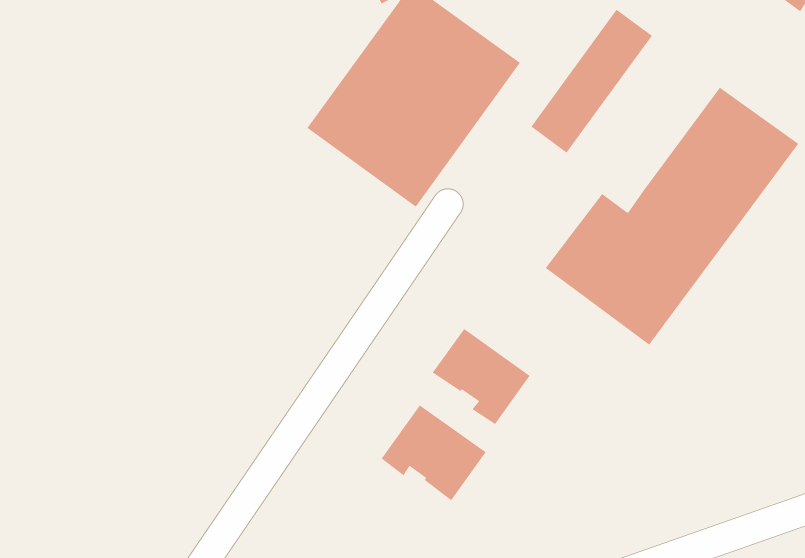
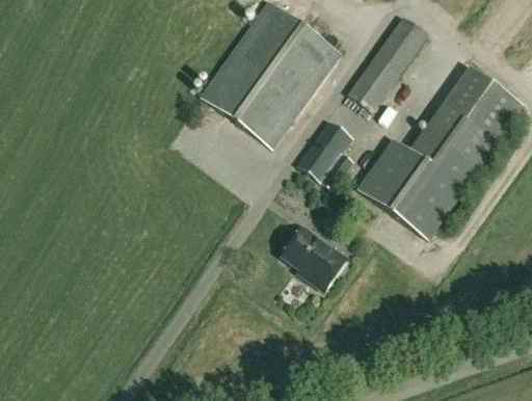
building: none -> [298,119,353,187]
building: [381,404,487,501] -> none

